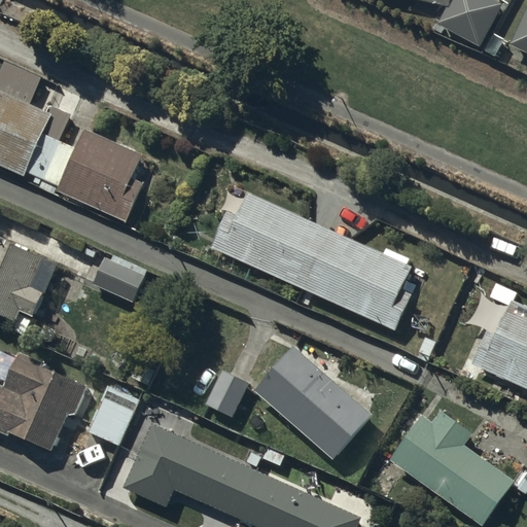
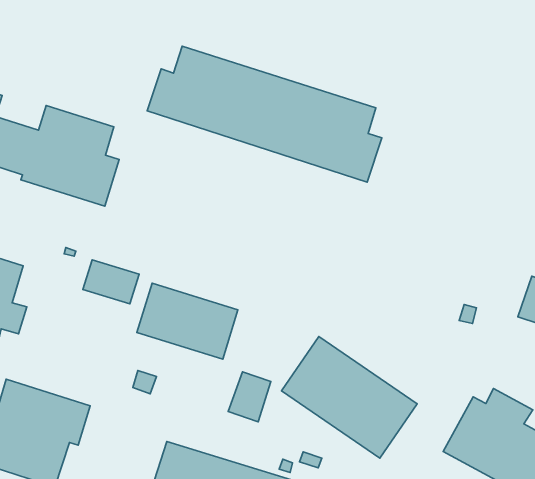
building: [212,194,413,331] -> [147,46,382,182]
building: none -> [137,283,238,359]
building: [89,383,140,442] -> none

